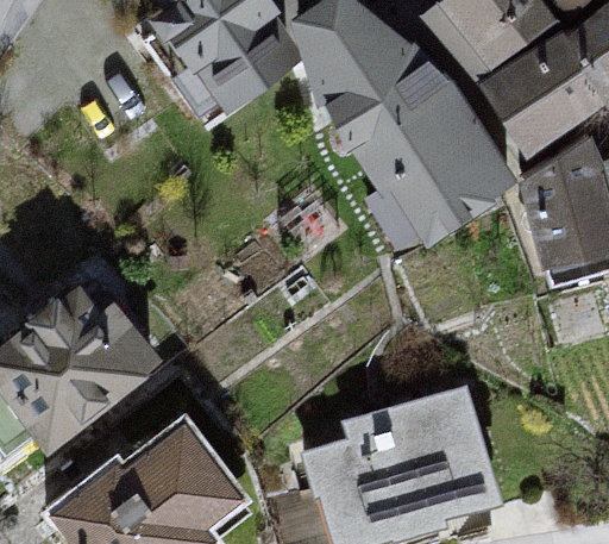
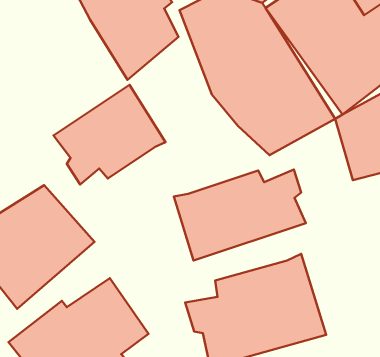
building: none -> [54,85,166,184]
building: none -> [174,169,306,261]

